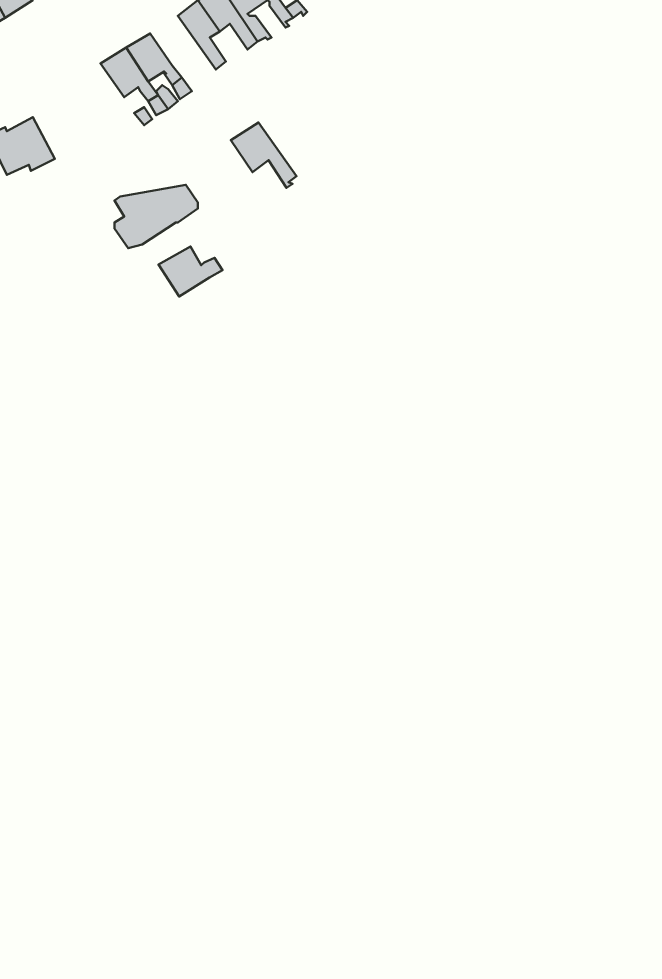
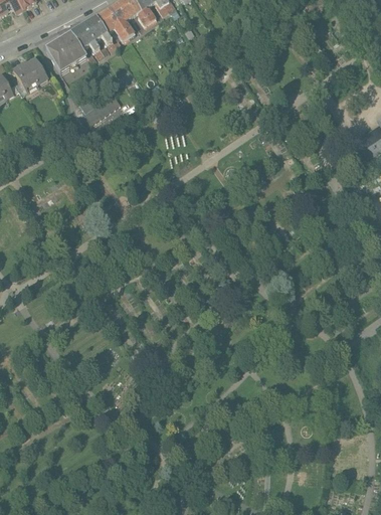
building: none -> [45,32,86,72]
building: [231,122,296,188] -> [96,8,129,41]
building: [159,247,223,297] -> none

